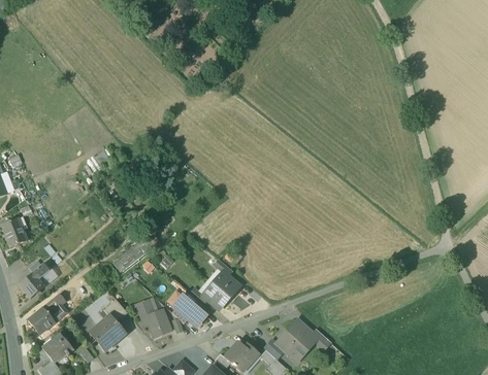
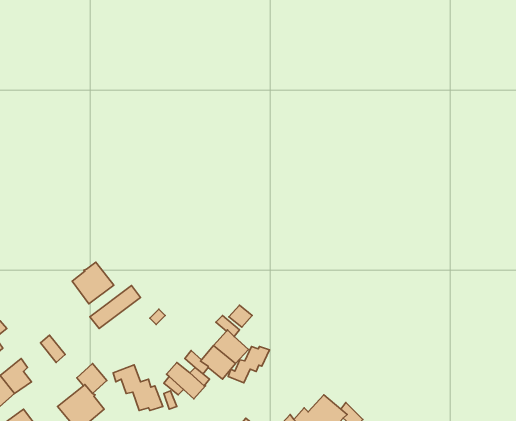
building: none -> [72,262,114,304]
building: none -> [228,347,269,383]

